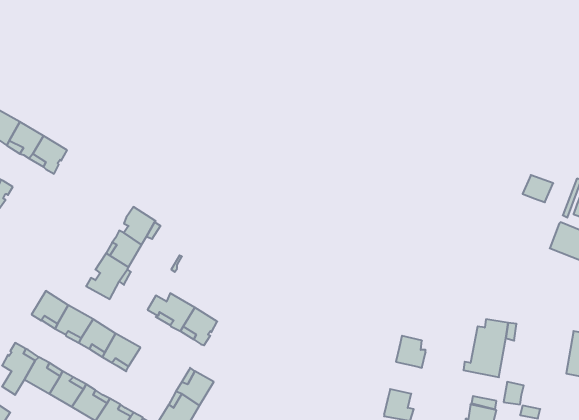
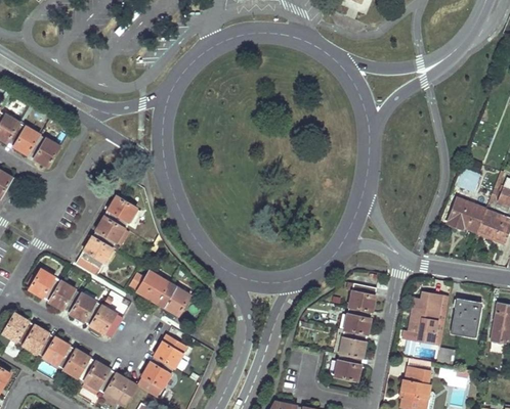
building: none -> [448,198,485,231]
building: none -> [349,282,375,312]
building: none -> [451,298,479,334]
building: none -> [339,329,365,357]

